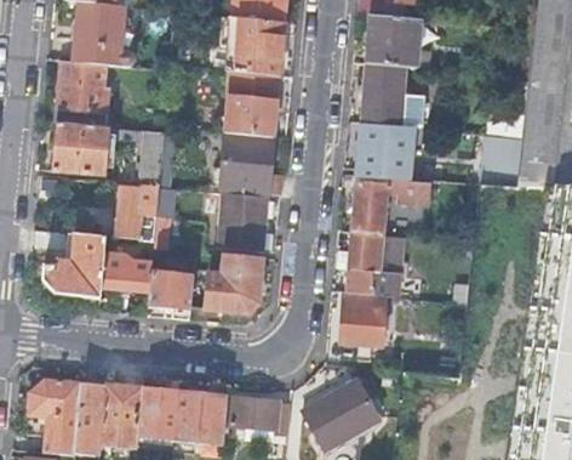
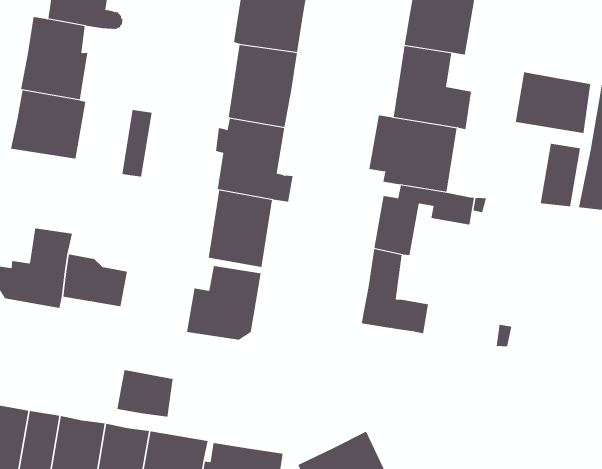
building: none -> [515,71,591,134]
building: [115,183,159,239] -> none
building: [148,271,193,307] -> [117,369,174,417]
building: [338,291,388,358] -> none

